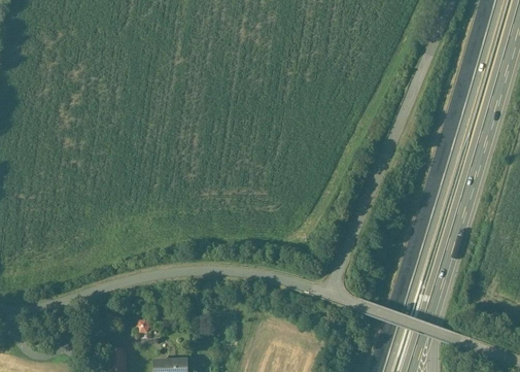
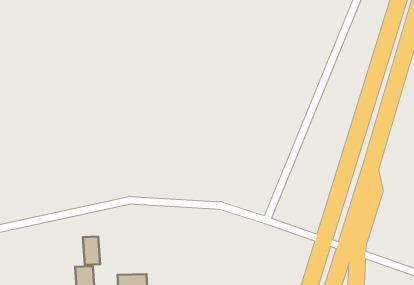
building: none -> [83,236,100,265]

